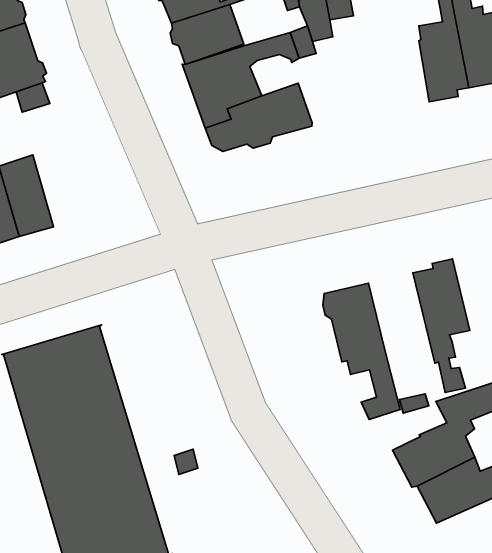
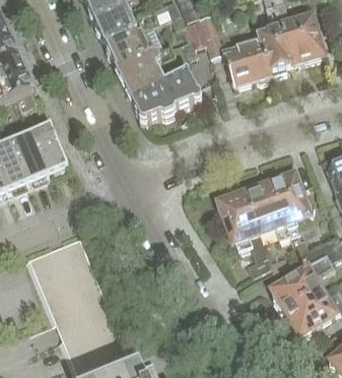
building: none -> [223,37,269,83]
building: none -> [30,123,69,174]
building: none -> [244,179,289,236]

